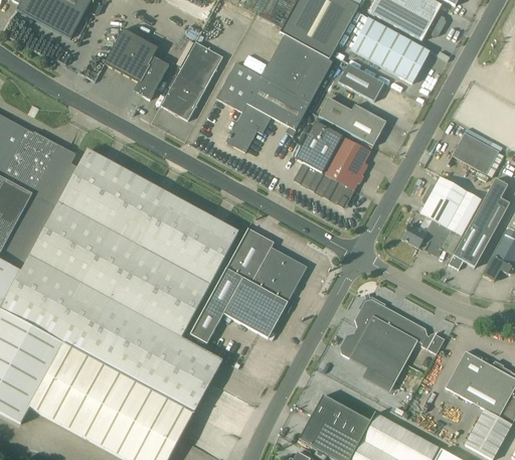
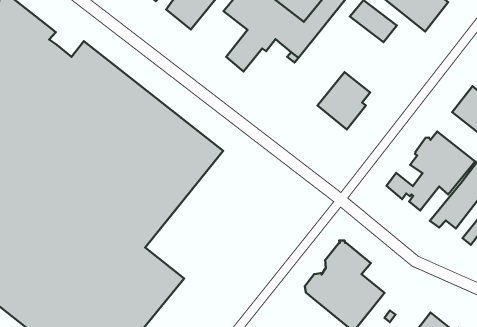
building: [319,98,386,146] -> none
building: [294,121,354,207] -> none
building: [190,227,307,343] -> none
building: [392,314,445,353] -> none

